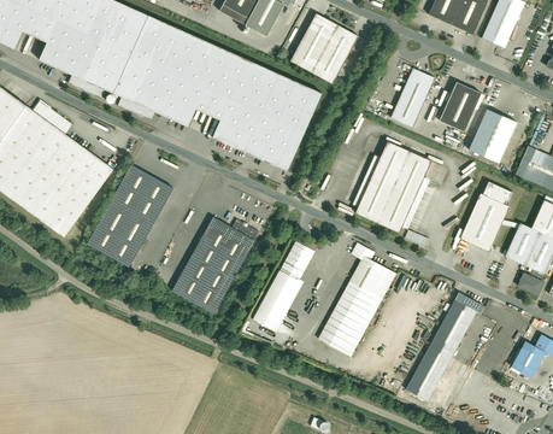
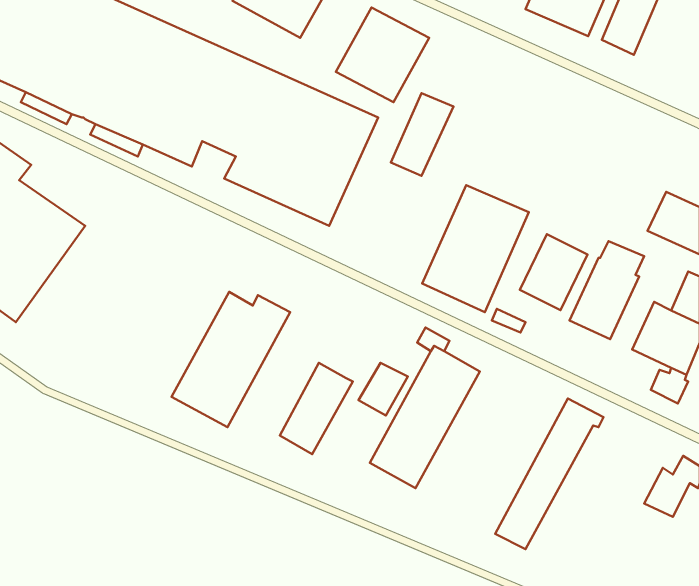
building: [390,66,435,125] -> [391,93,454,176]
building: [439,81,480,129] -> none
building: [467,107,516,162] -> [520,234,587,310]
building: [88,164,173,266] -> none
building: [281,240,316,277] -> [359,363,408,415]

